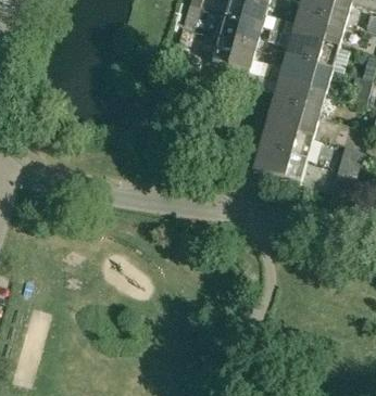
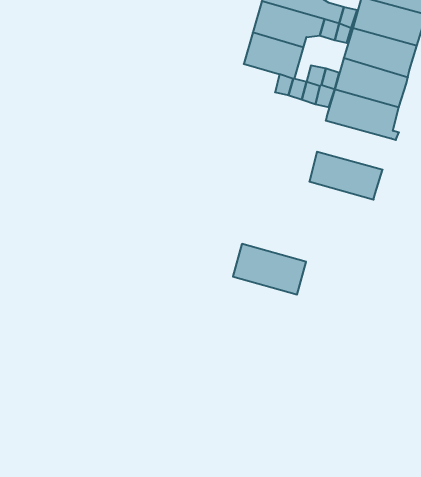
building: [265,99,319,135] -> none
building: [253,143,306,180] -> [233,244,306,295]

